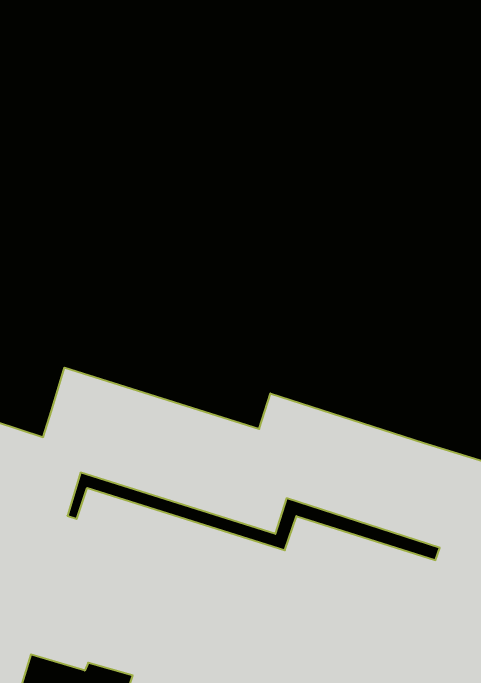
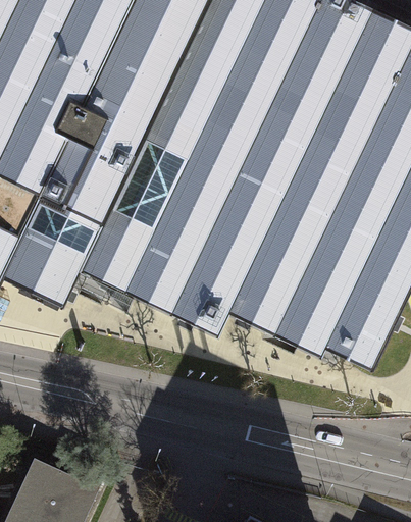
building: [67,473,440,560] -> [67,260,321,355]

